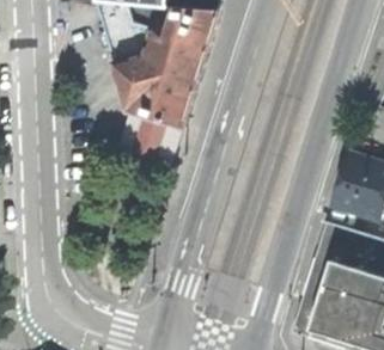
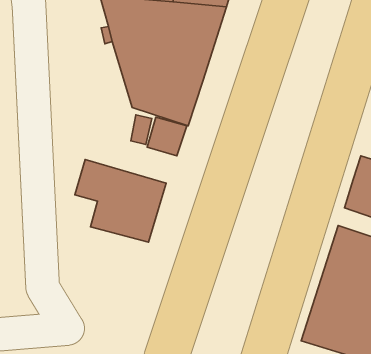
building: none -> [75,159,166,242]

